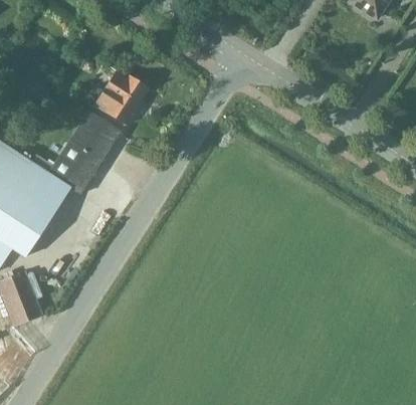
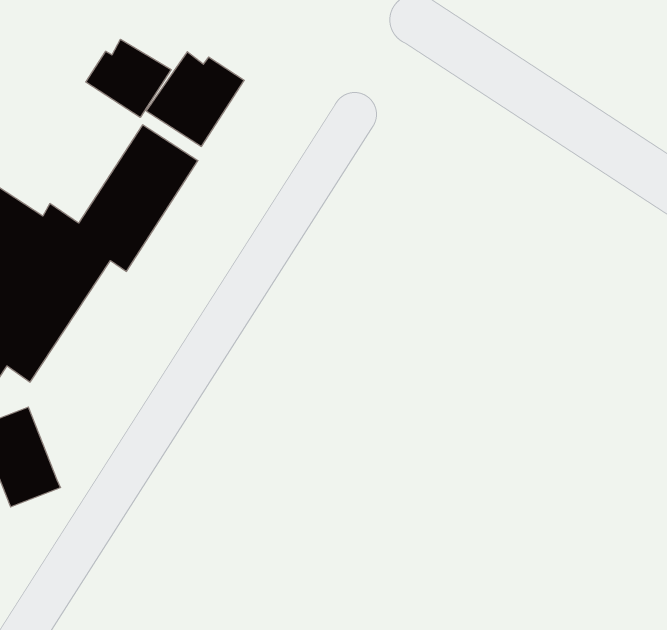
building: none -> [86,39,171,117]

